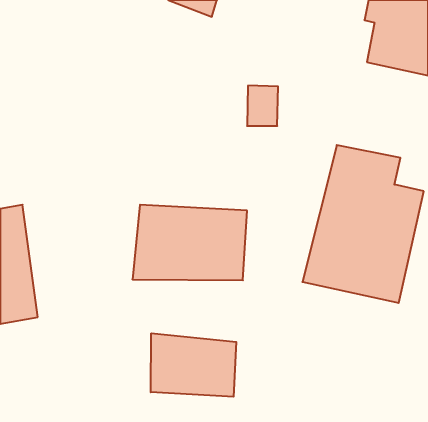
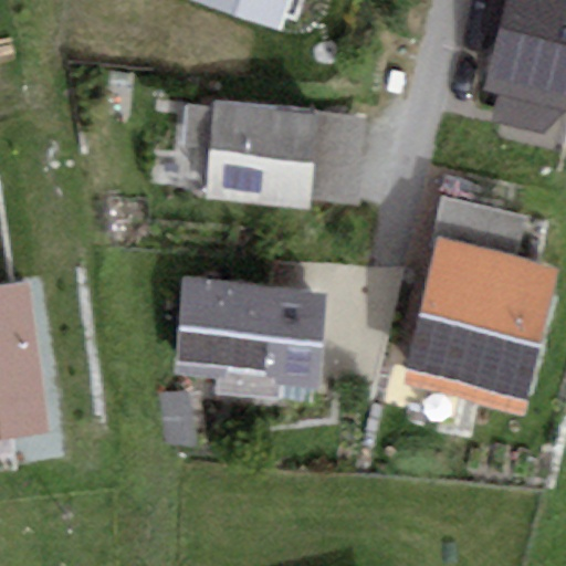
building: none -> [175,105,316,207]
building: [151,333,236,397] -> none

